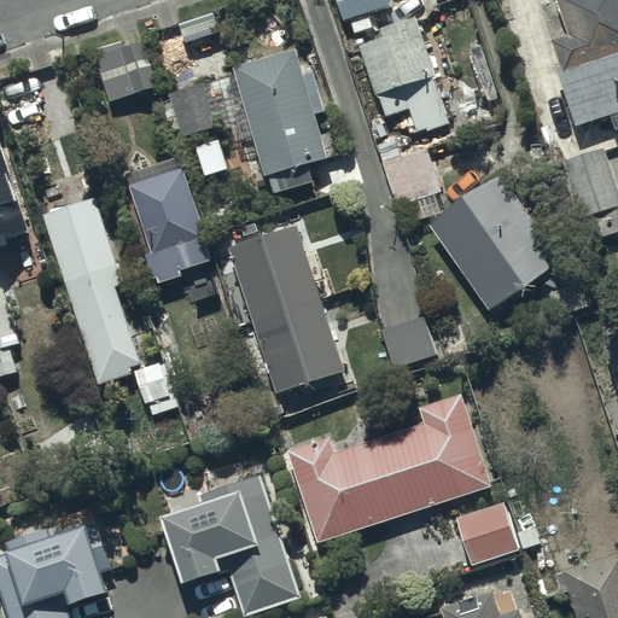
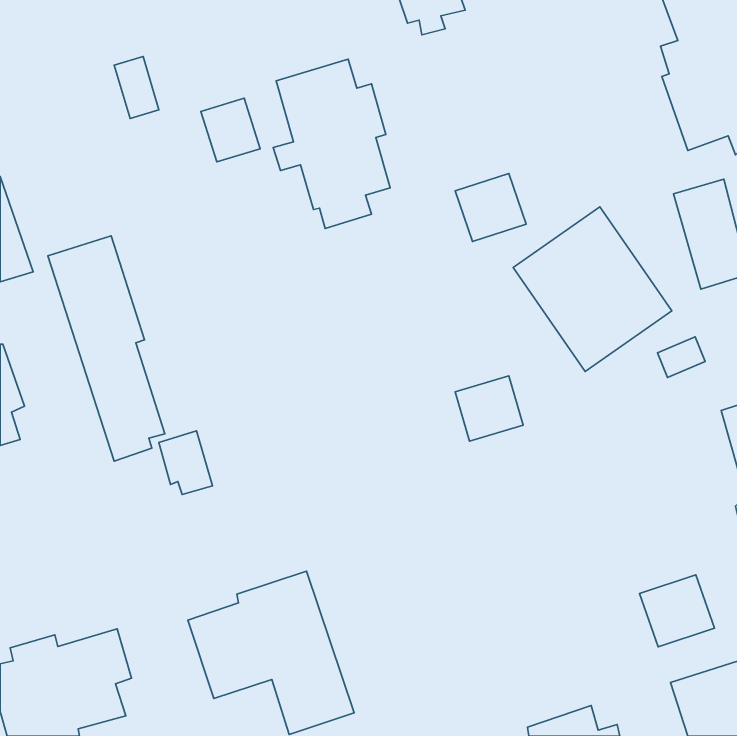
building: [358,14,450,132] -> none
building: [124,157,215,282] -> none
building: [228,223,343,391] -> none
building: [288,392,494,543] -> none
building: [455,503,518,564] -> [639,575,715,647]

